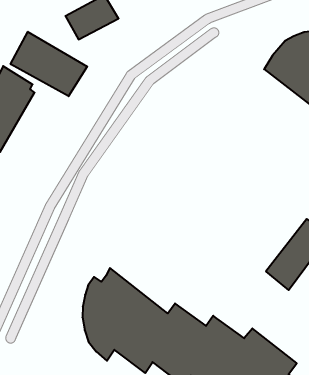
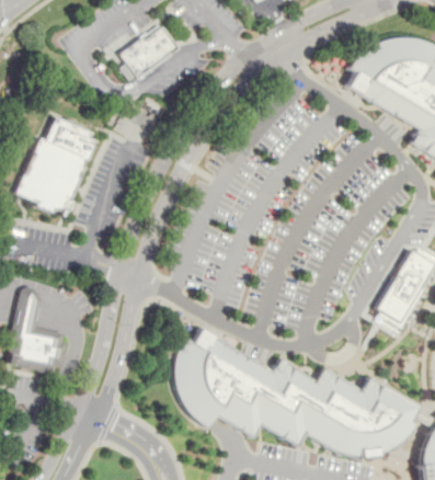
building: [11,32,87,96] -> none

